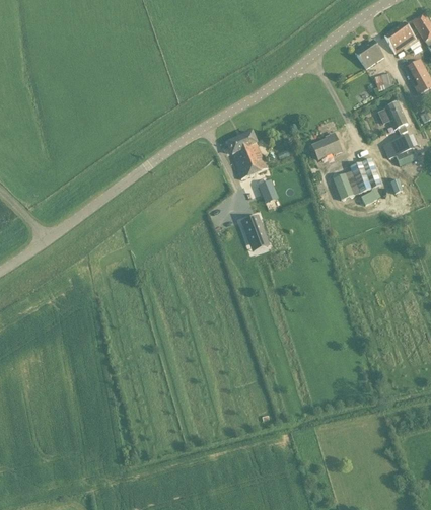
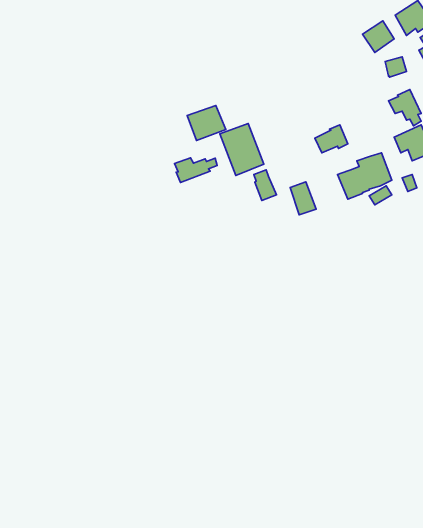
building: none -> [187,105,226,141]
building: none -> [174,158,217,182]
building: [242,214,266,243] -> [290,182,316,215]

